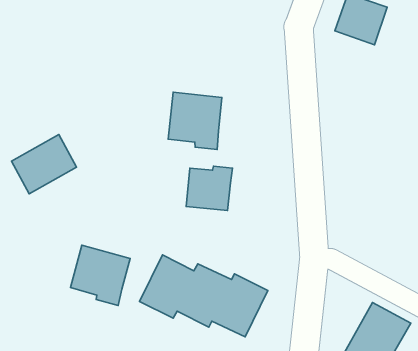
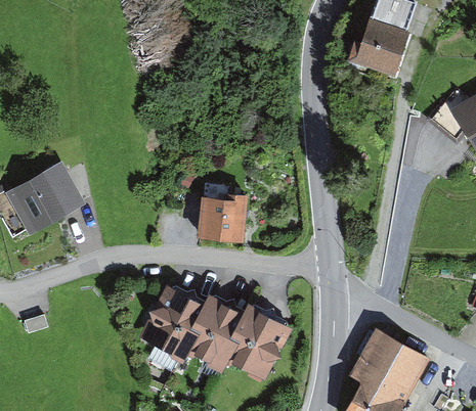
building: [168,92,222,149] -> none
building: [70,245,130,306] -> none

